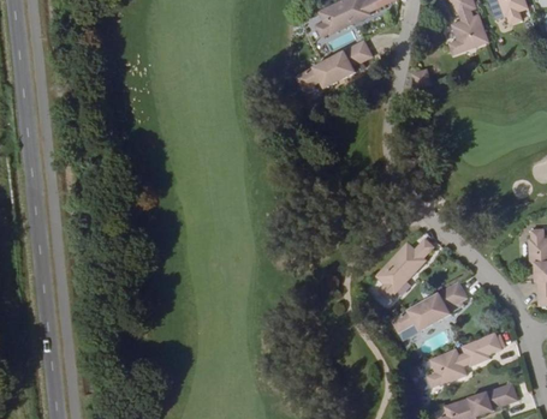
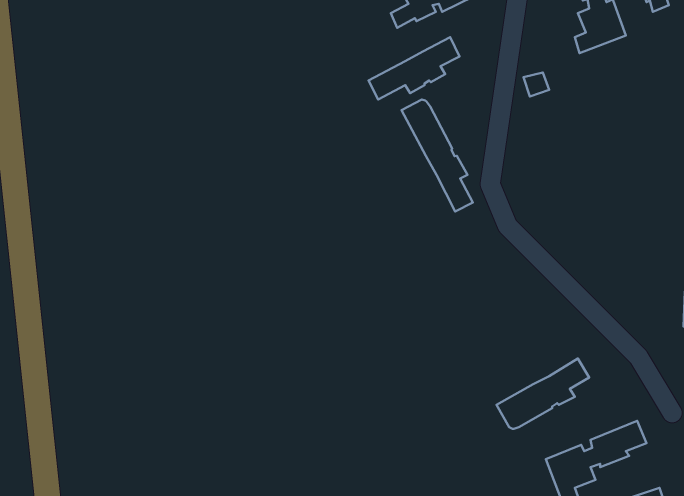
building: none -> [401,99,473,212]
building: [374,239,433,299] -> none

